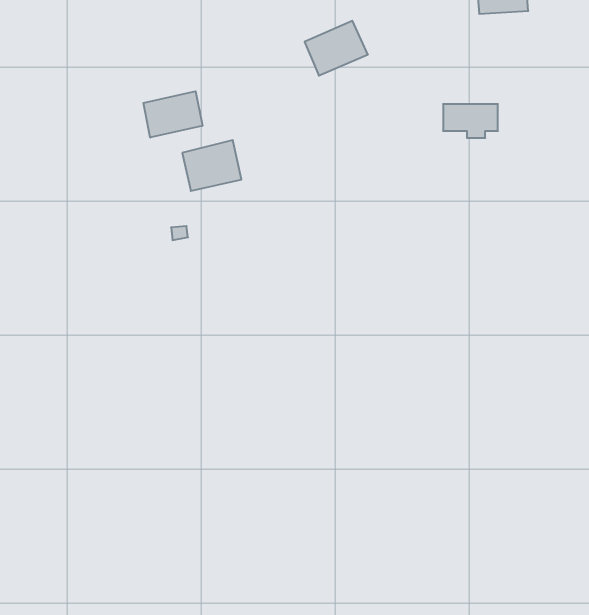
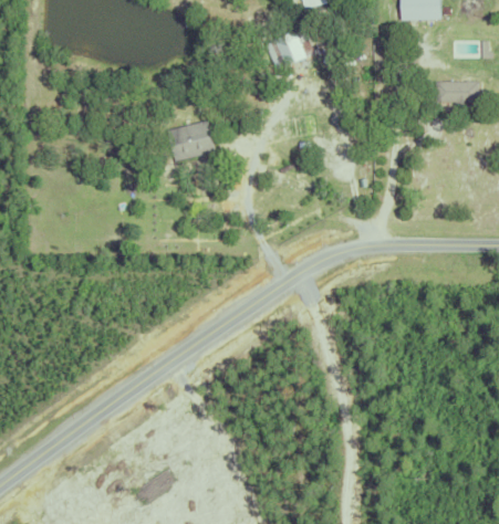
building: [143,91,202,138] -> none
building: [443,104,498,138] -> [435,81,478,107]

